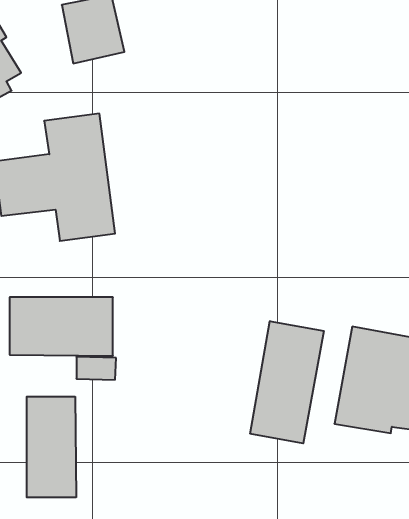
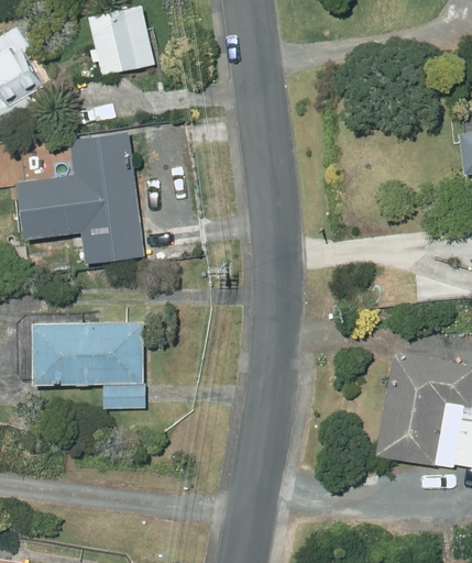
building: [250,321,324,443] -> none
building: [27,397,76,497] -> none

